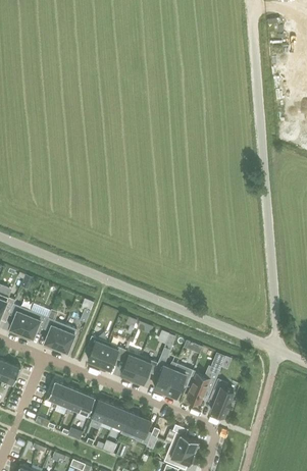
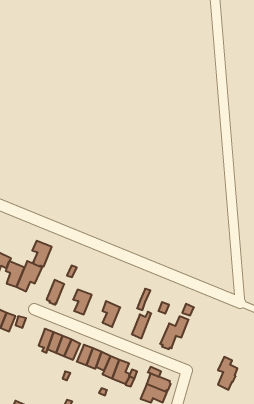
building: [43,319,65,349] -> [32,241,52,267]
building: [99,344,124,371] -> none
building: [132,358,158,384] -> none
building: [165,365,192,399] -> none
building: [211,380,234,418] -> [218,357,237,390]

